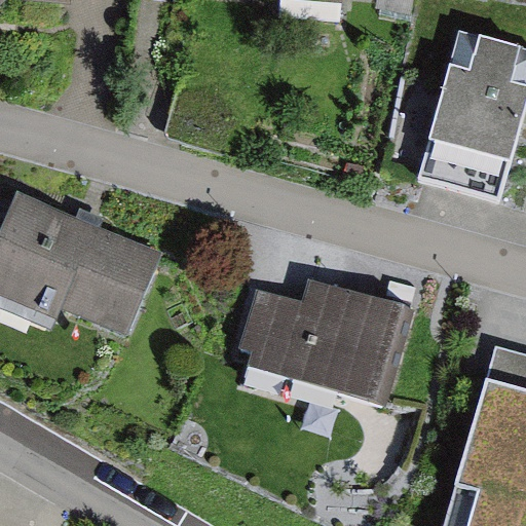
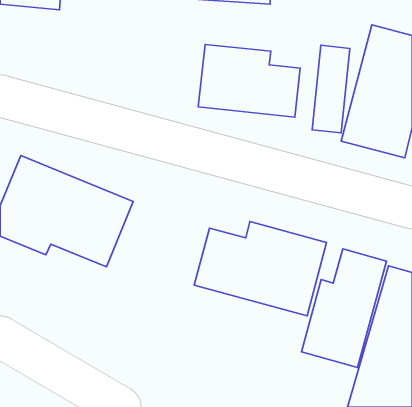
building: none -> [198,44,300,117]
building: none -> [302,249,386,368]

